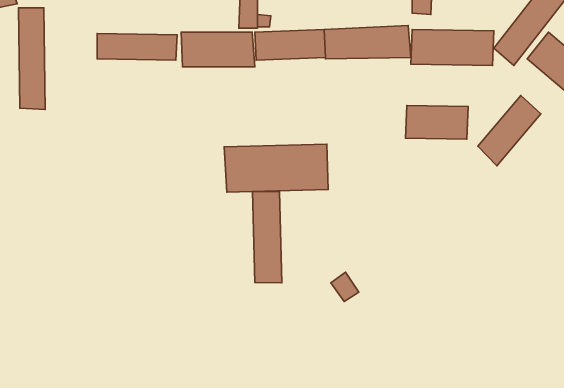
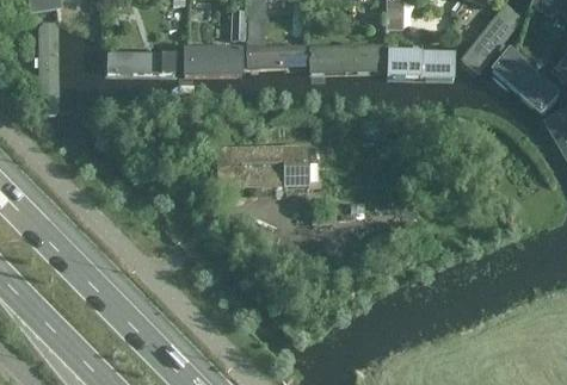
building: [478,95,541,166] -> none
building: [406,105,468,139] -> none
building: [253,192,282,283] -> none

